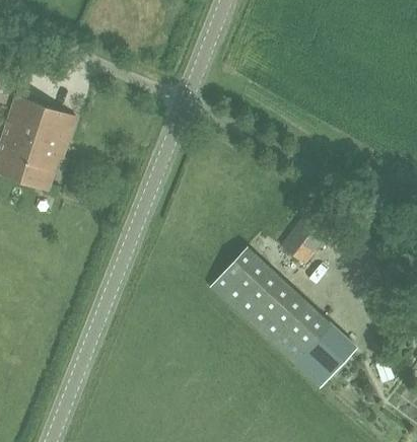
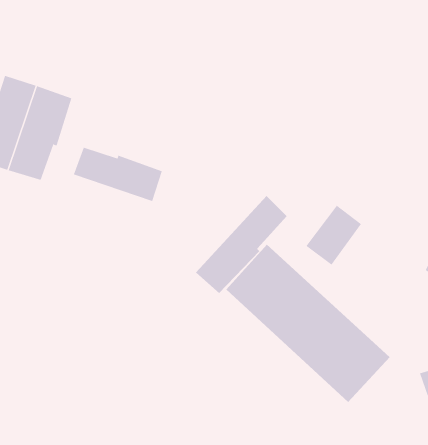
building: none -> [73,147,162,202]
building: none -> [195,195,288,294]

